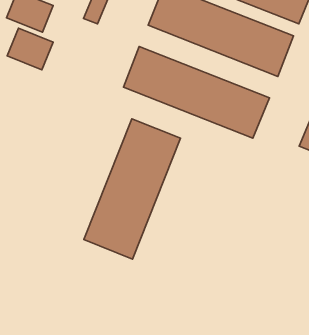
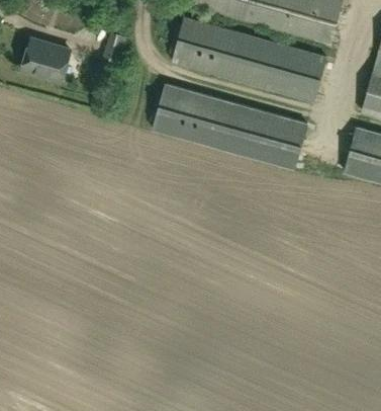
building: [7,28,53,70] -> none
building: [84,119,180,259] -> none

